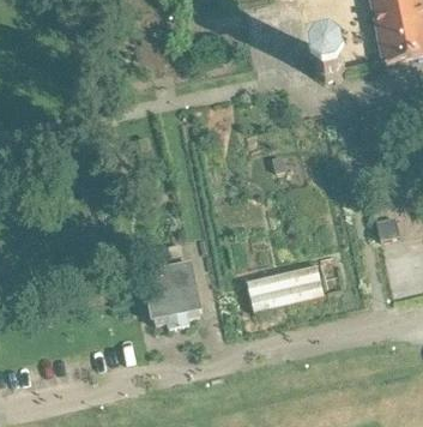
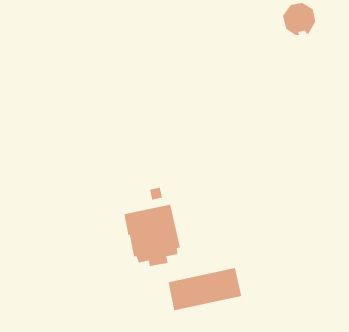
building: [238,263,318,309] -> [168,267,242,311]

